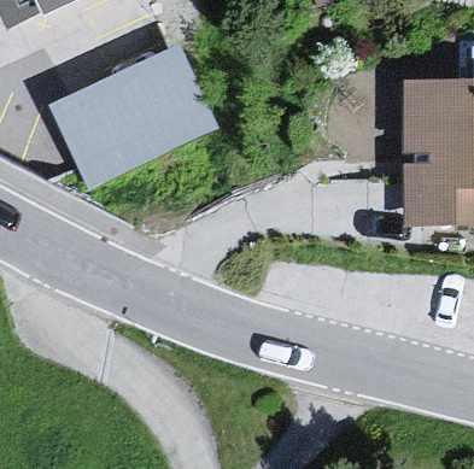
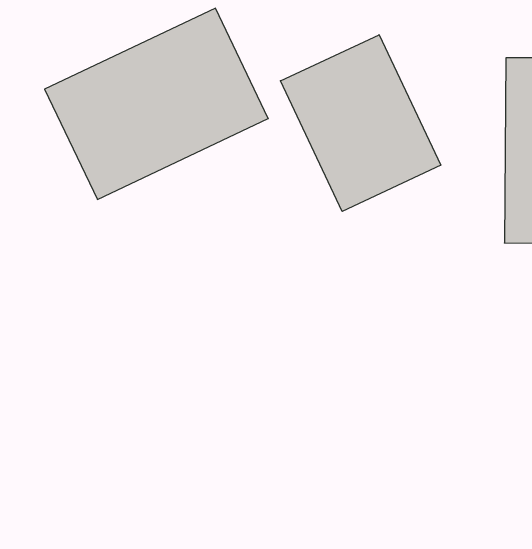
building: none -> [280,35,441,211]

